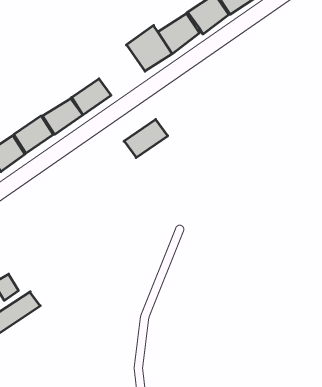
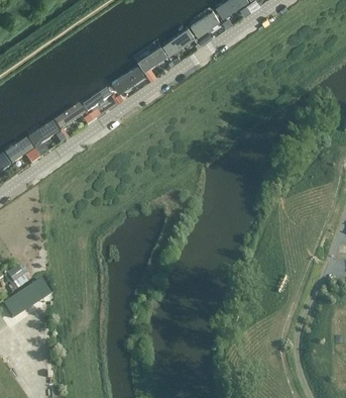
building: [124,119,168,158] -> [108,60,148,95]

